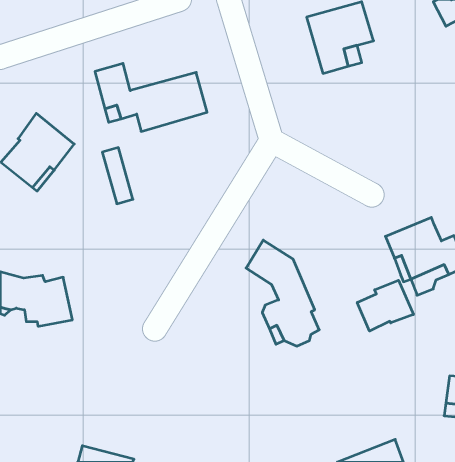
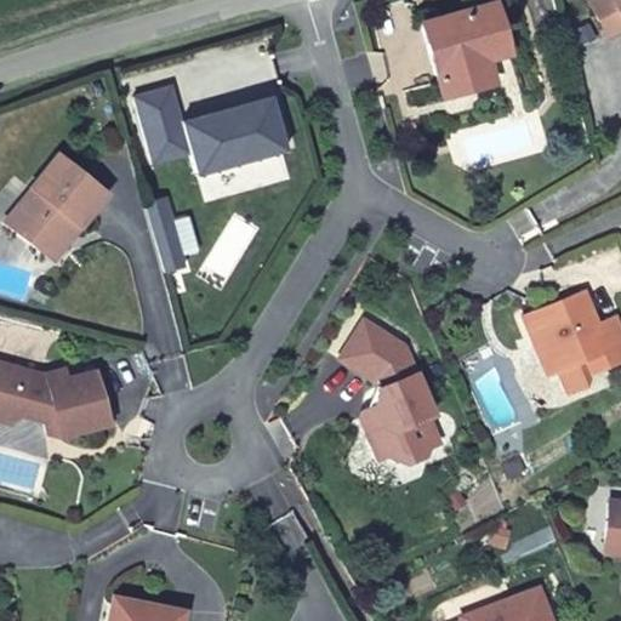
building: [357,280,413,331] -> none

